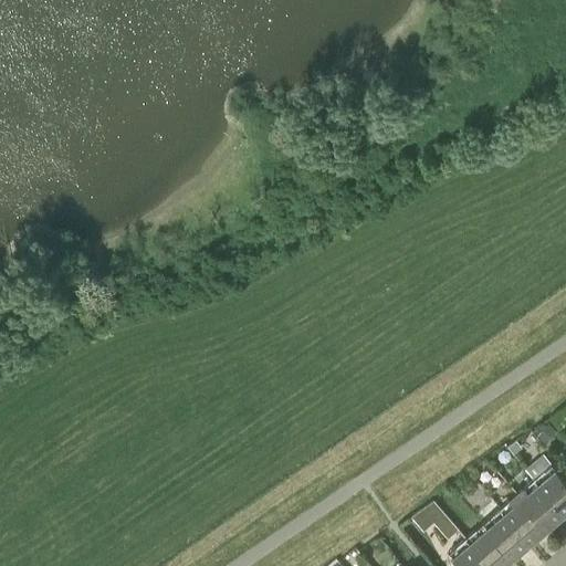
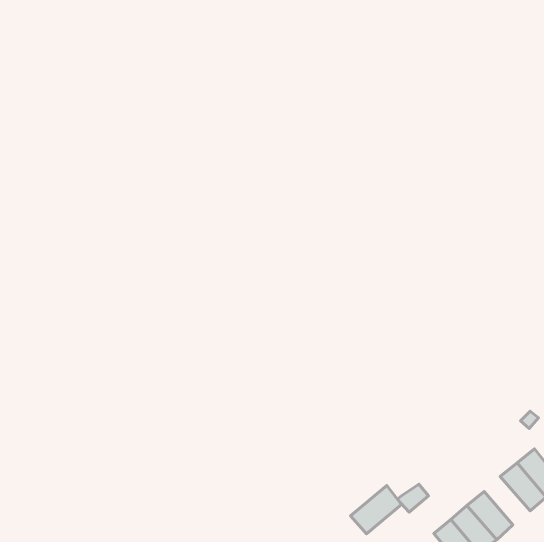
building: [503,497,551,547] -> none
building: none -> [350,486,401,534]

